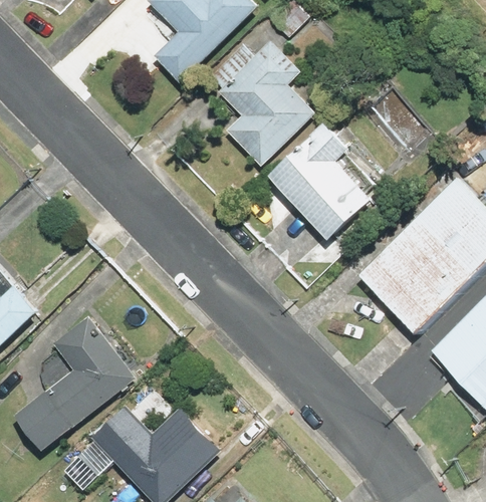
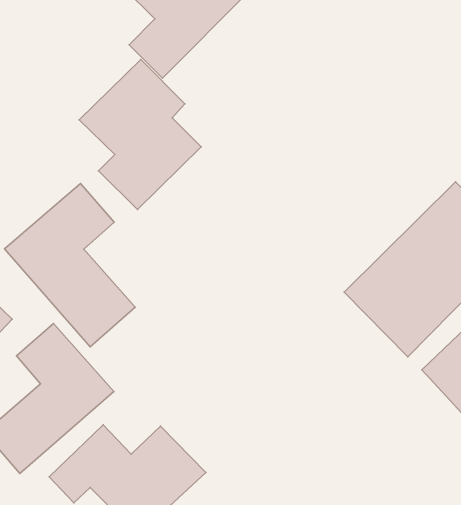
building: [206,25,319,165] -> [79,59,201,210]
building: [268,123,385,240] -> none
building: none -> [5,183,135,347]

